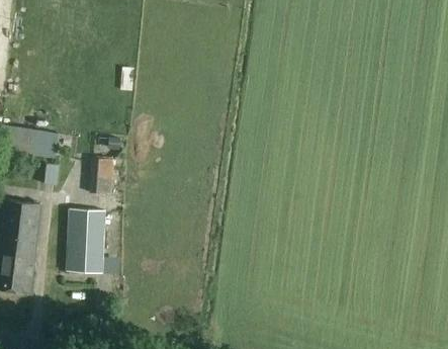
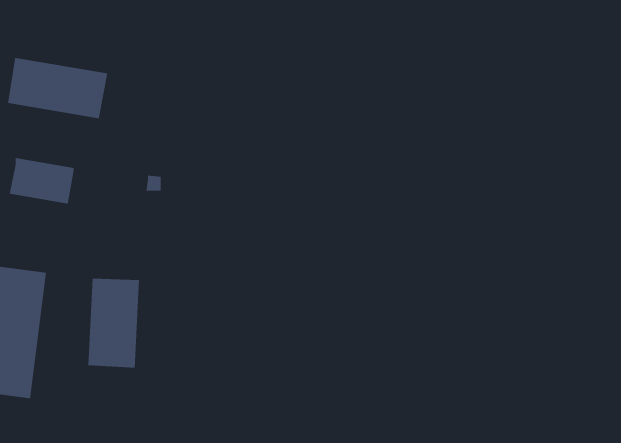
building: none -> [7,57,108,119]
building: [92,159,114,193] -> none

